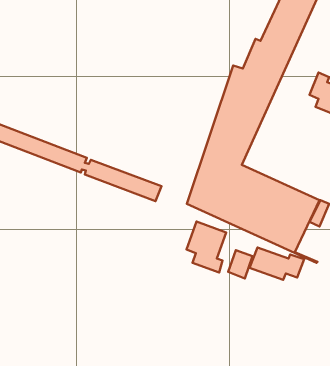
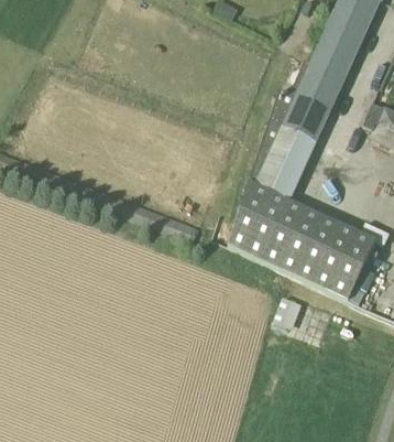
building: [187,221,226,272] -> none
building: [250,247,304,280] -> none

